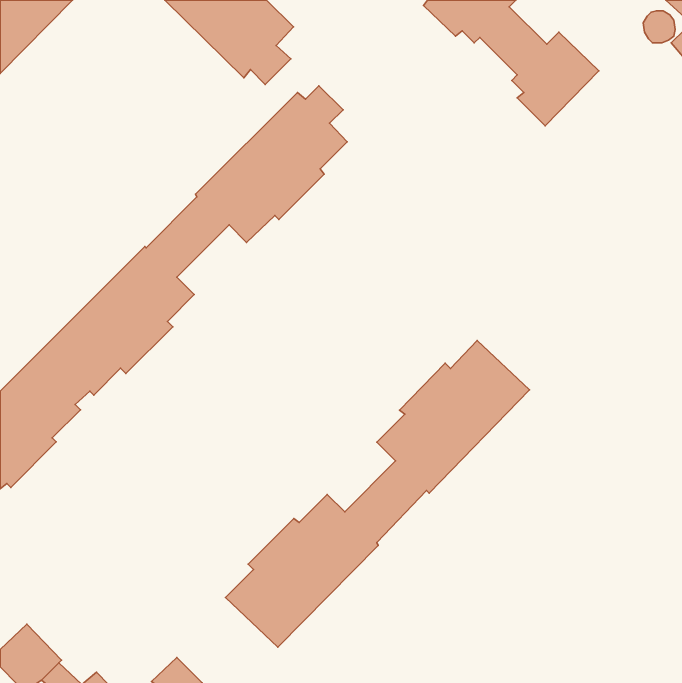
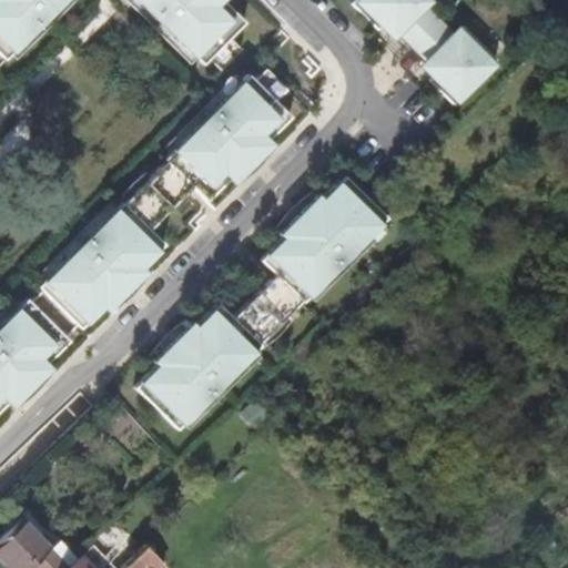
building: [225,340,530,647] -> [138,176,389,430]

